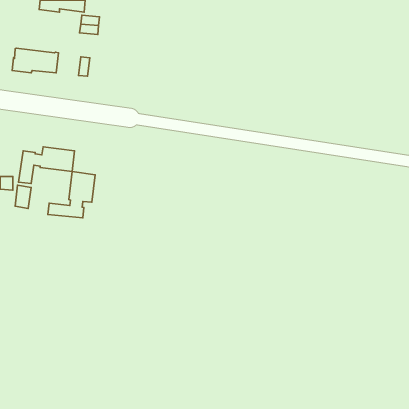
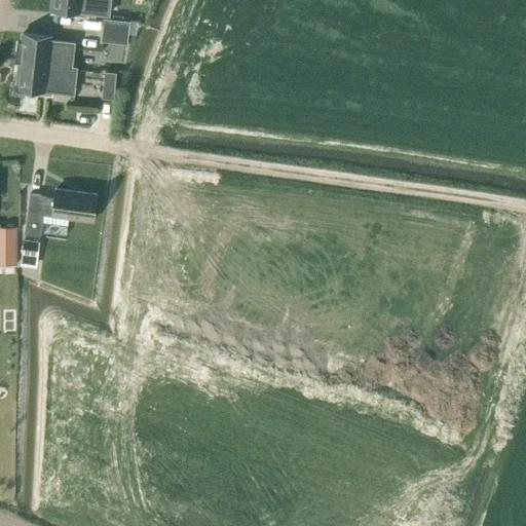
building: none -> [14,34,74,69]
building: [48,172,95,218] -> none

